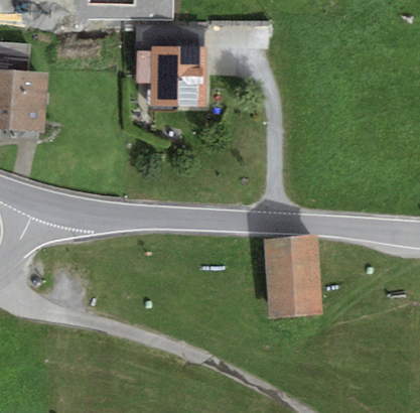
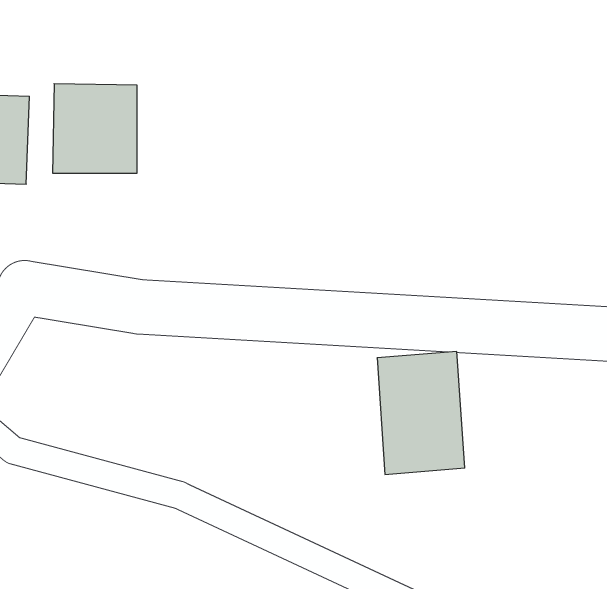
building: [148,46,201,103] -> [53,84,137,173]

